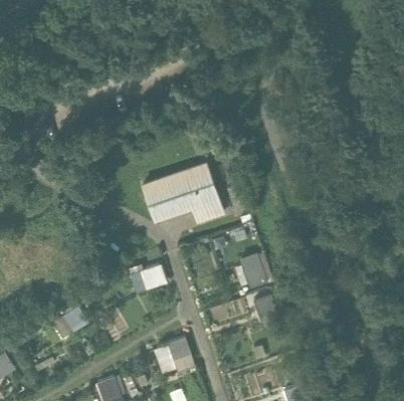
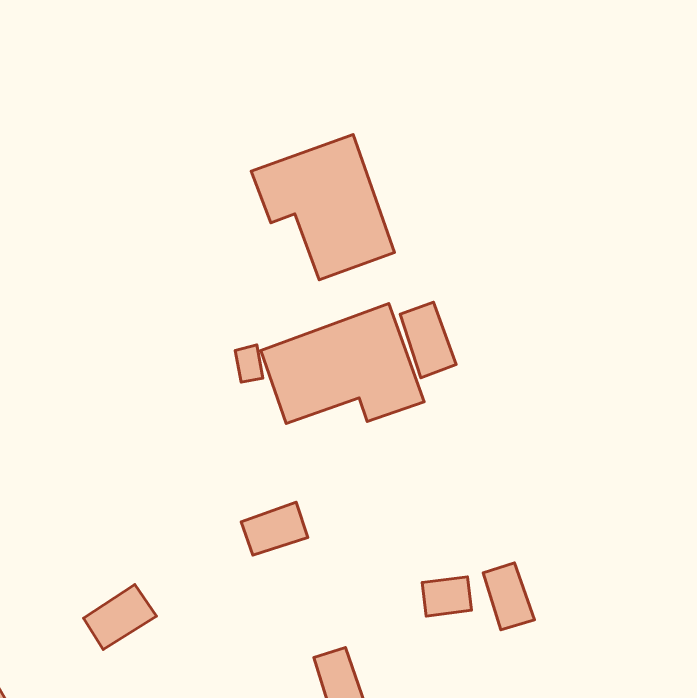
building: none -> [251,135,394,280]
building: none -> [400,302,456,378]
building: [241,253,267,287] -> none

